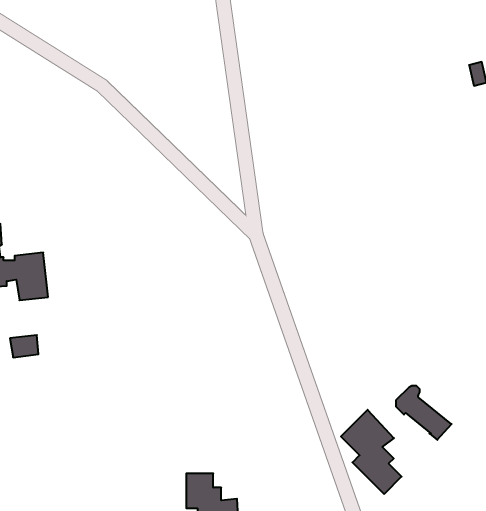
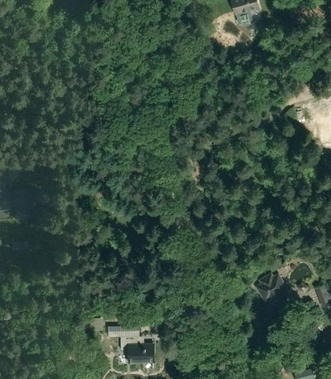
building: [341,410,402,494] -> none

